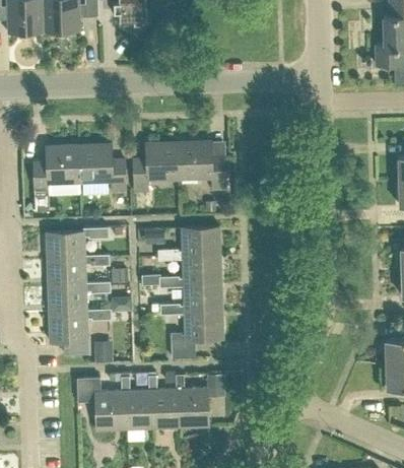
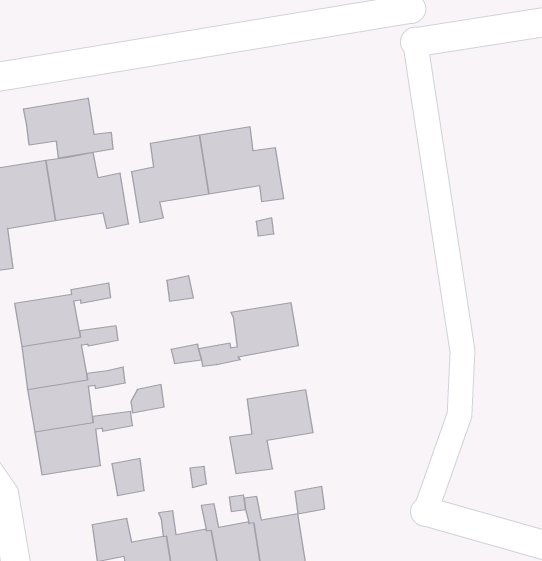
building: none -> [23,98,113,158]
building: [157,227,220,261] -> none
building: [159,283,222,315] -> none

